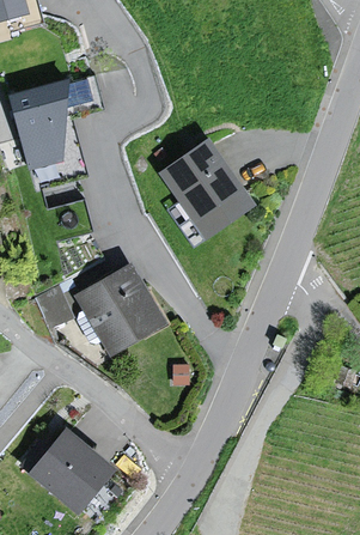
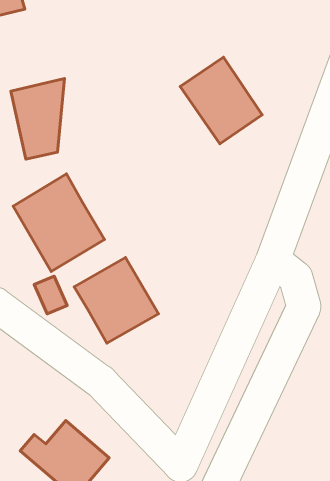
building: [166,146,250,235] -> [180,57,262,144]
building: none -> [13,174,105,272]

